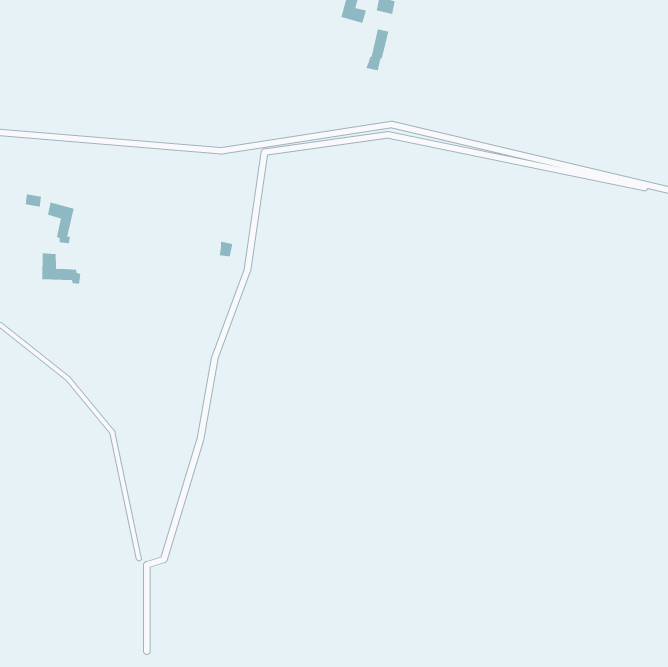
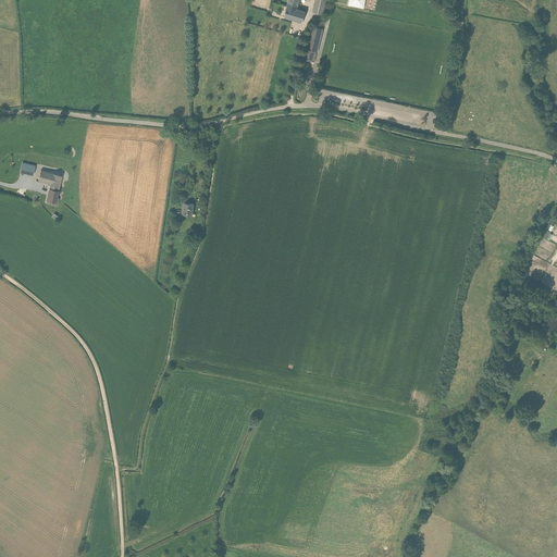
building: [42,252,81,284] -> none

